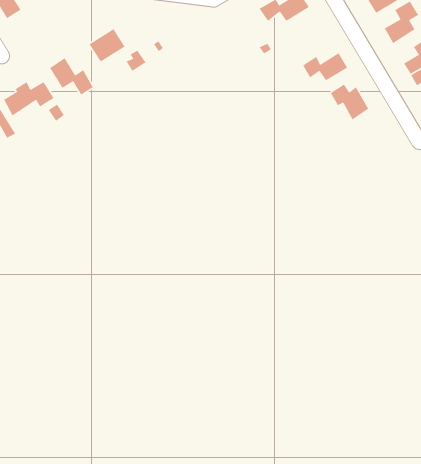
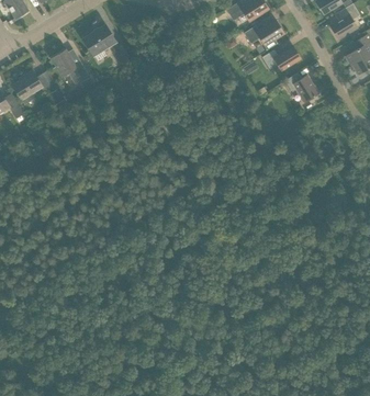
building: none -> [243,20,283,49]

